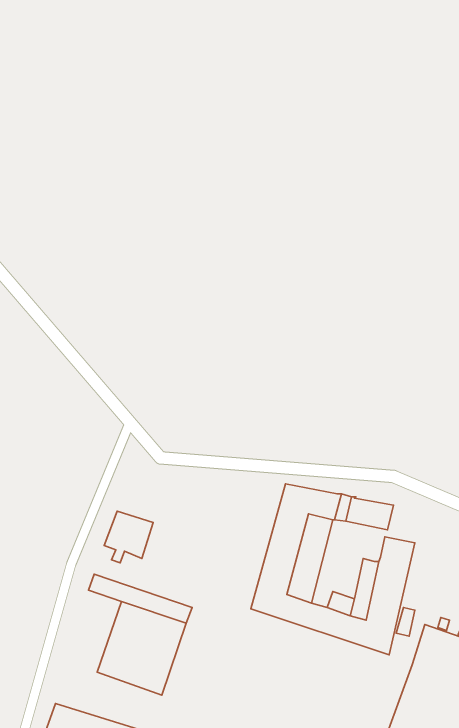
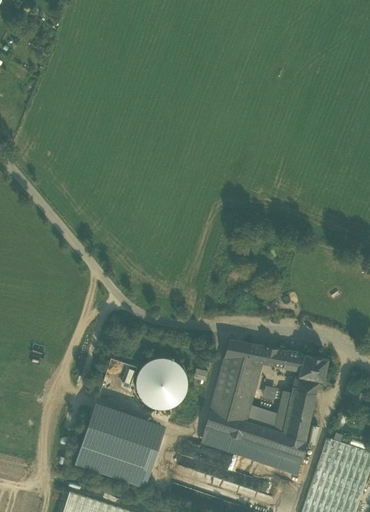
building: none -> [298,356,328,383]
building: none -> [136,360,186,411]
building: none -> [75,415,115,472]
building: none -> [200,428,301,478]

